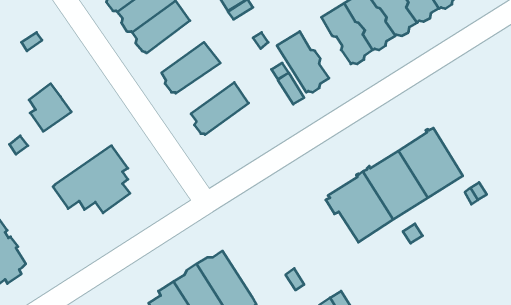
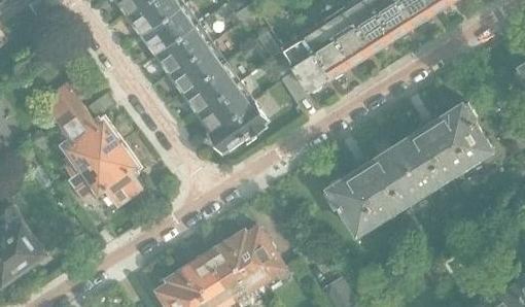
building: none -> [301,20,349,77]
building: none -> [155,23,210,72]
building: none -> [183,63,239,111]
building: none -> [207,101,266,152]
building: none -> [427,103,489,170]
building: none -> [56,110,122,178]
building: none -> [227,228,288,284]

